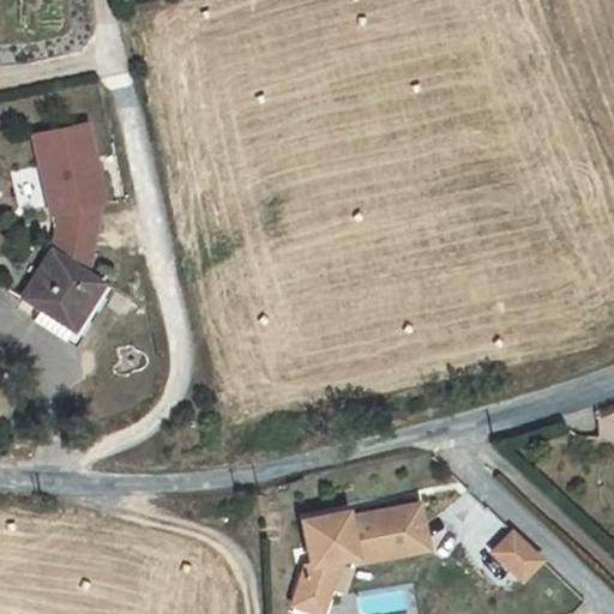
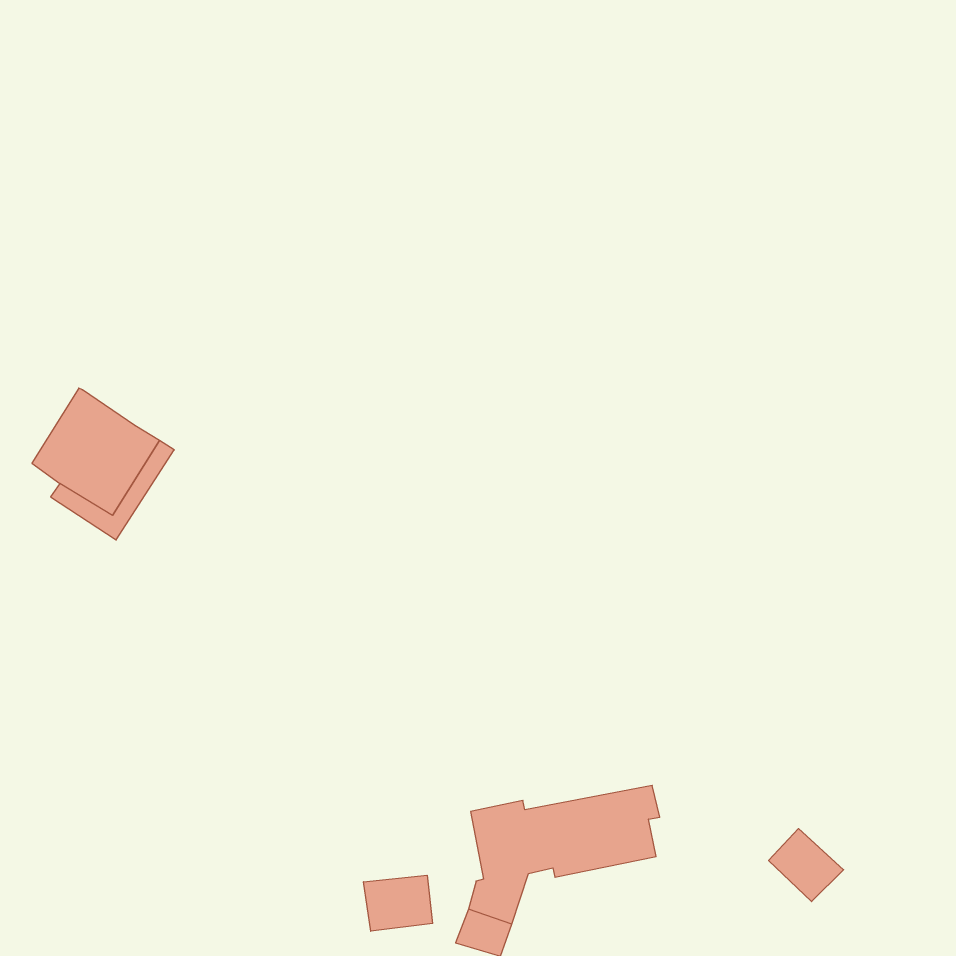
building: [35,122,104,272] -> none
building: none -> [364,875,433,931]

